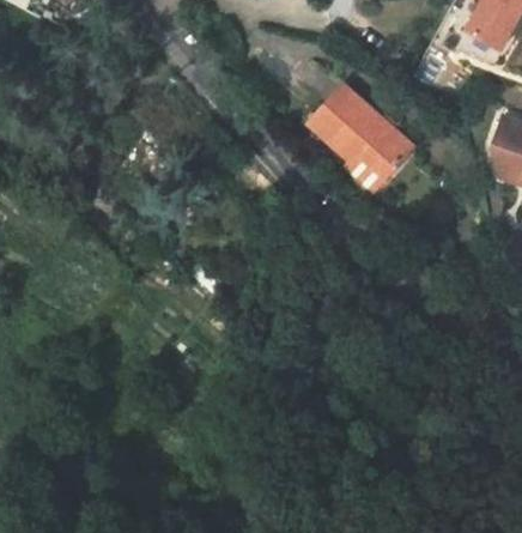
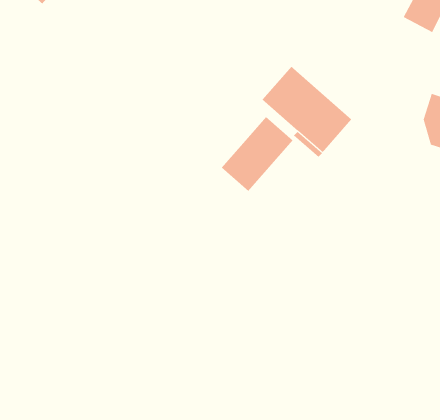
building: none -> [221,116,293,192]

